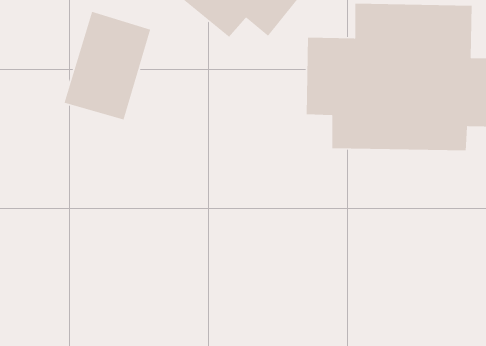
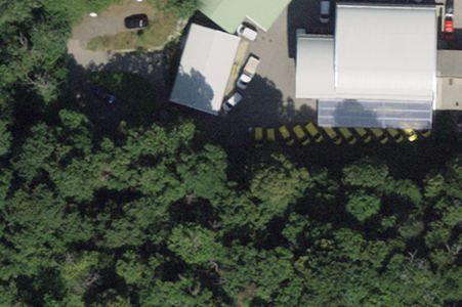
building: [63,11,151,120] -> [167,23,241,115]

